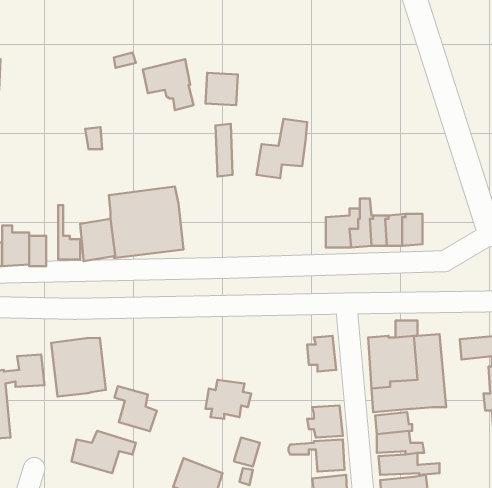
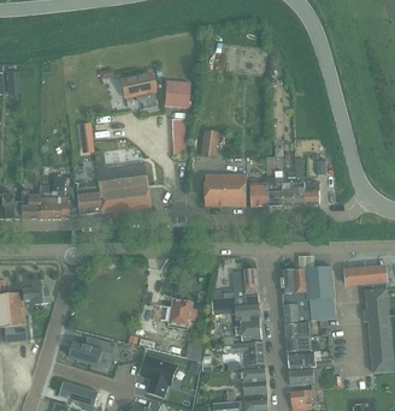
building: none -> [205,173,246,206]
building: [51,338,106,396] -> none
building: none -> [211,294,260,324]
building: [115,386,157,431] -> none

